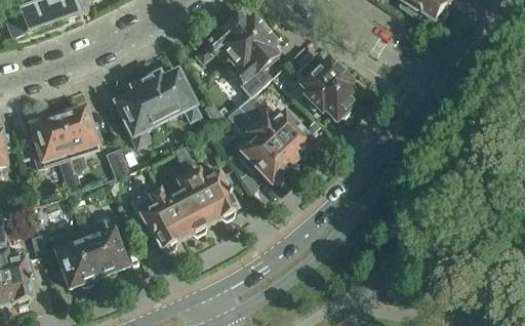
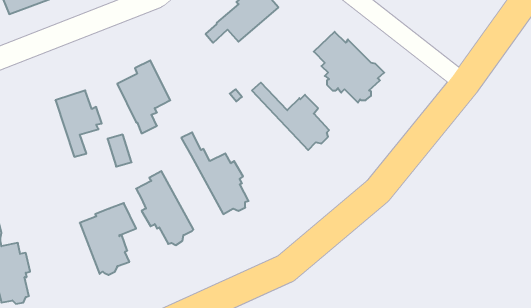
building: [227,29,279,95] -> none
building: [145,68,200,118] -> none
building: [232,106,291,180] -> none
building: [30,115,80,192] -> none
building: [155,166,212,235] -> none
building: [50,229,97,286] -> none

